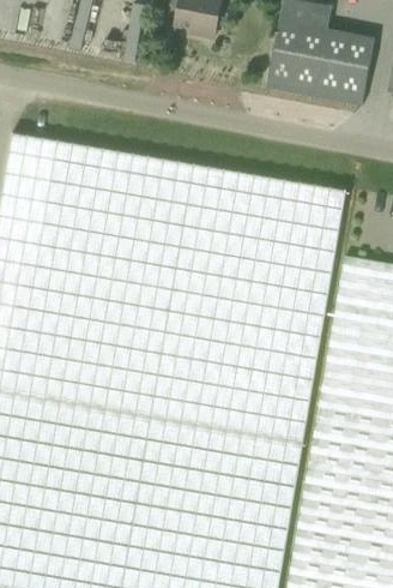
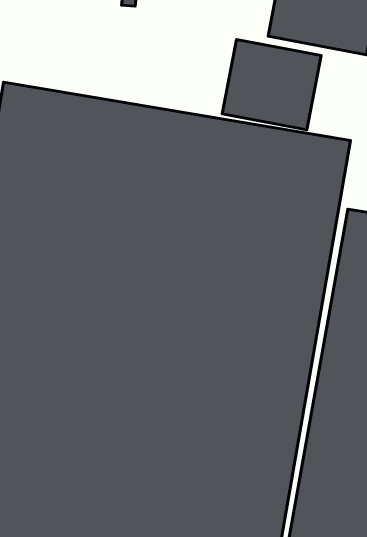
building: none -> [222,39,321,130]

